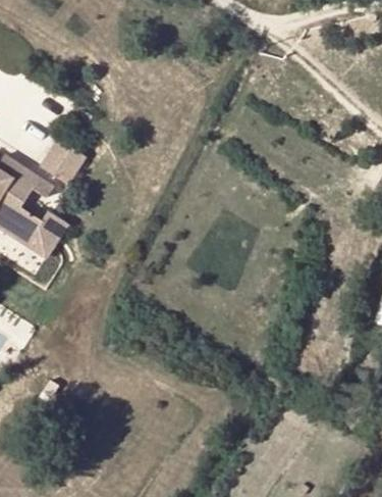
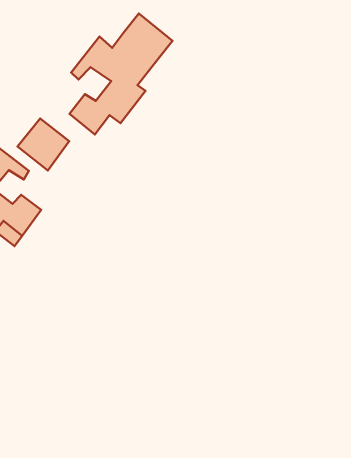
building: none -> [70,13,173,135]

